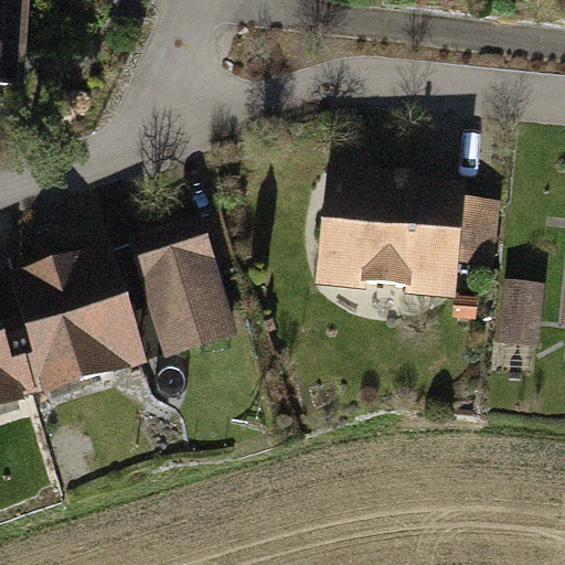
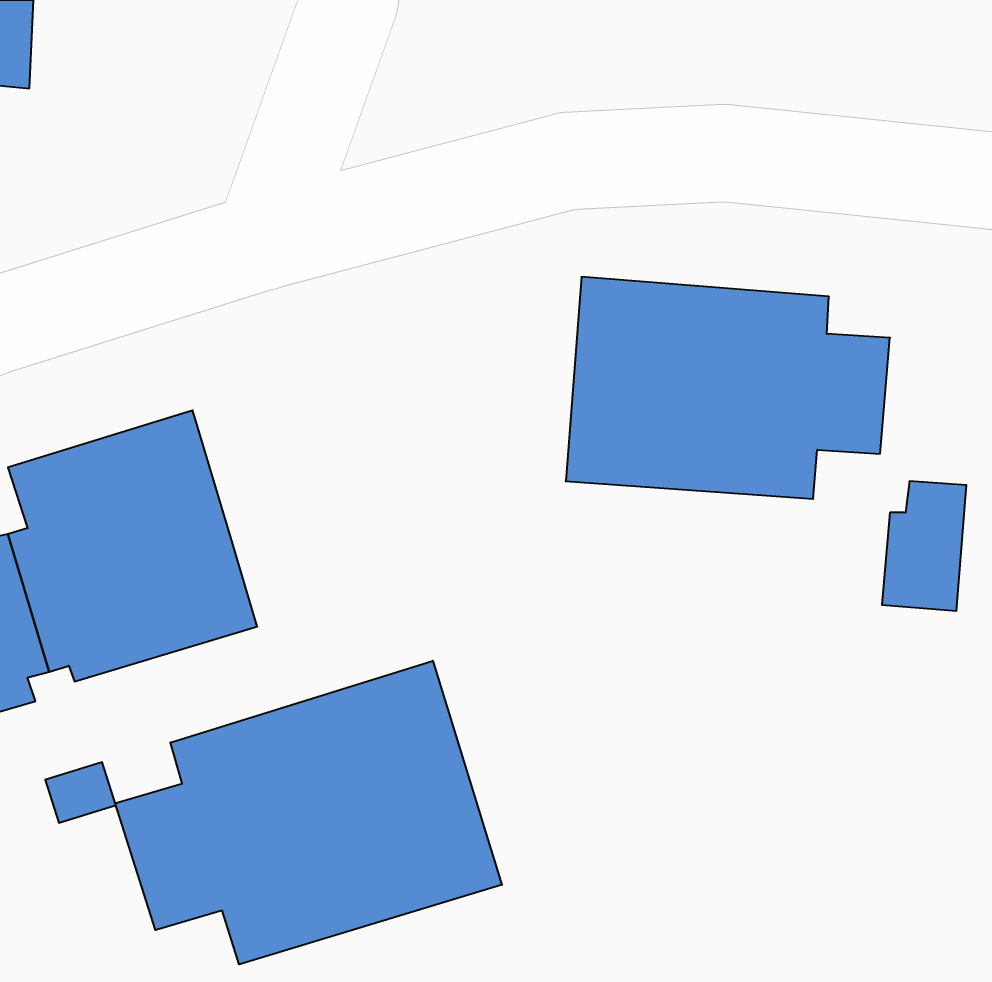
building: [109,218,235,359] -> none
building: none -> [115,661,502,964]

